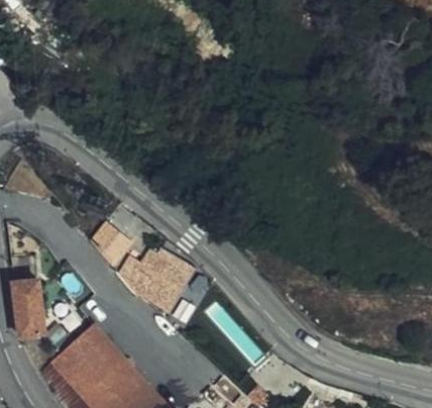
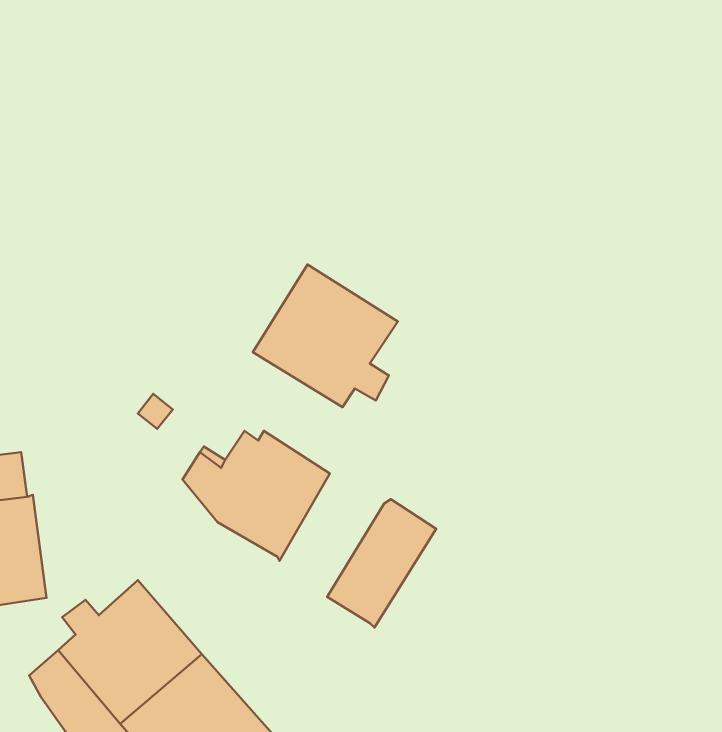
building: none -> [253,265,398,407]
building: none -> [327,499,436,628]

